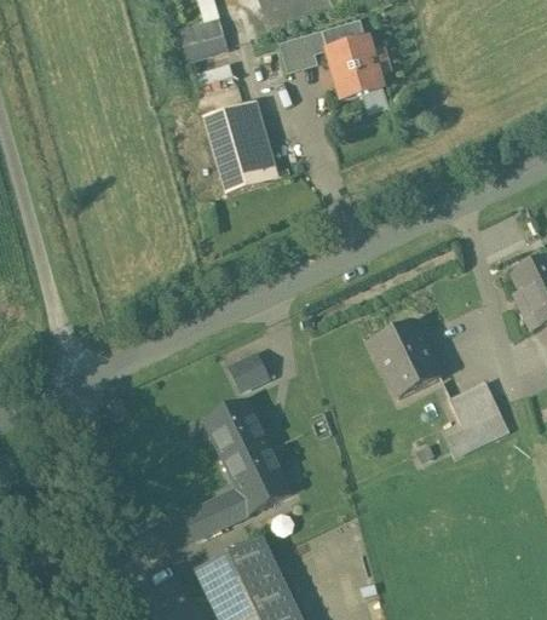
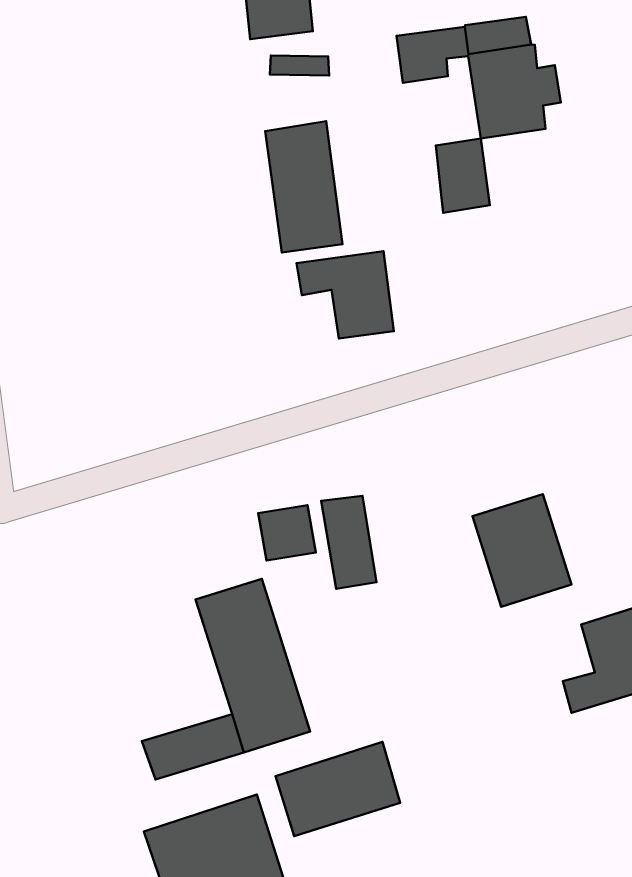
building: none -> [436,138,490,213]
building: none -> [297,251,394,338]
building: none -> [321,496,376,589]
building: none -> [275,742,400,836]

